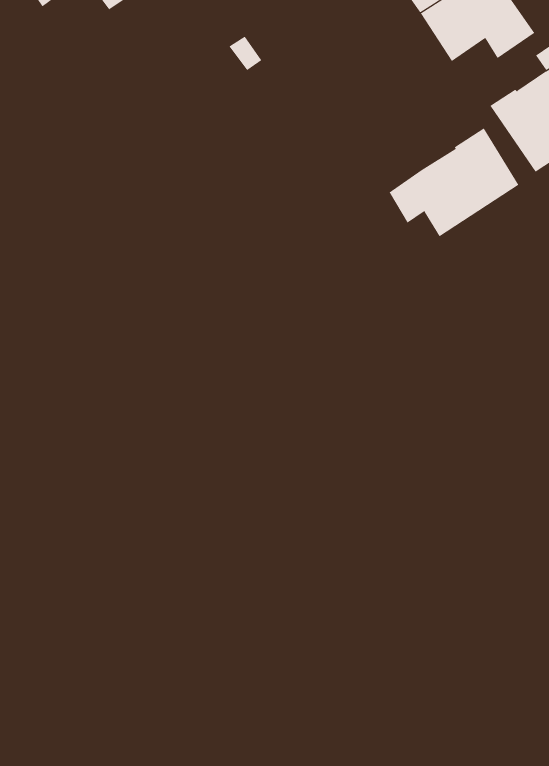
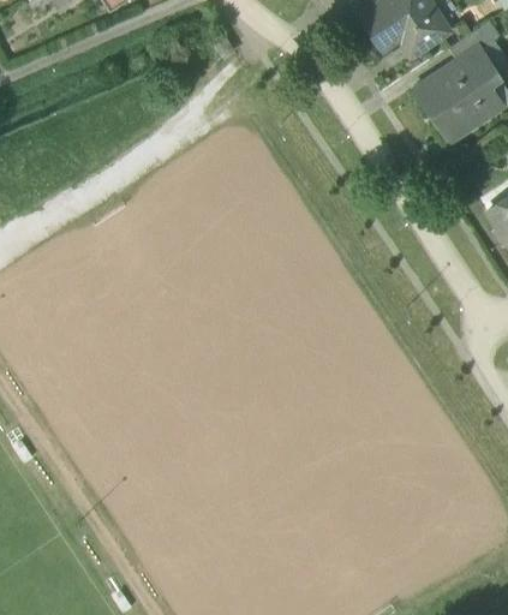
building: [388,127,519,237] -> none

